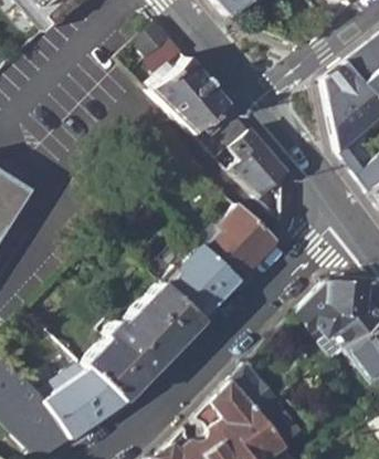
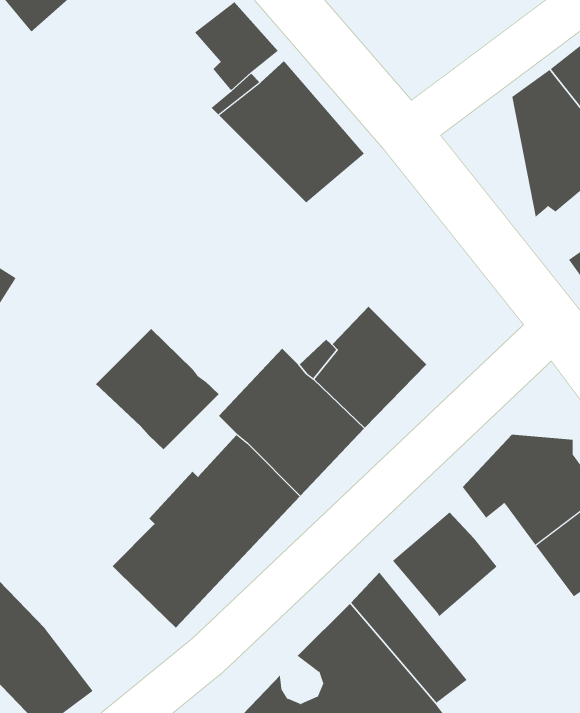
building: [204,113,286,221] -> none
building: none -> [95,328,219,450]
building: none -> [392,511,497,617]
building: [48,366,126,437] -> none

